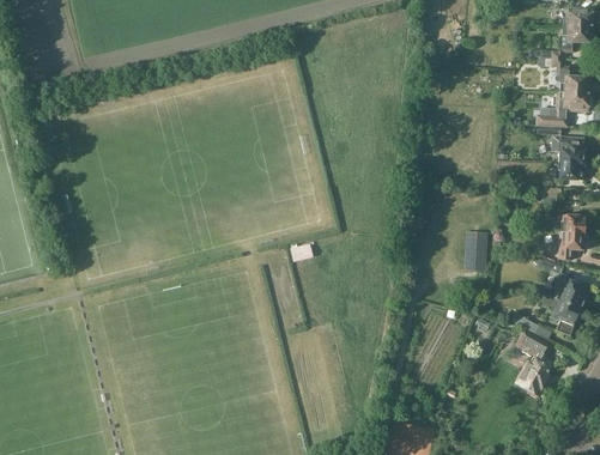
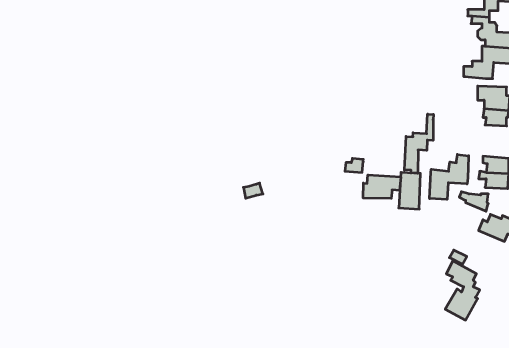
building: none -> [404,114,433,173]
building: none -> [430,154,469,199]
building: none -> [363,175,401,198]
building: [540,293,581,334] -> none

